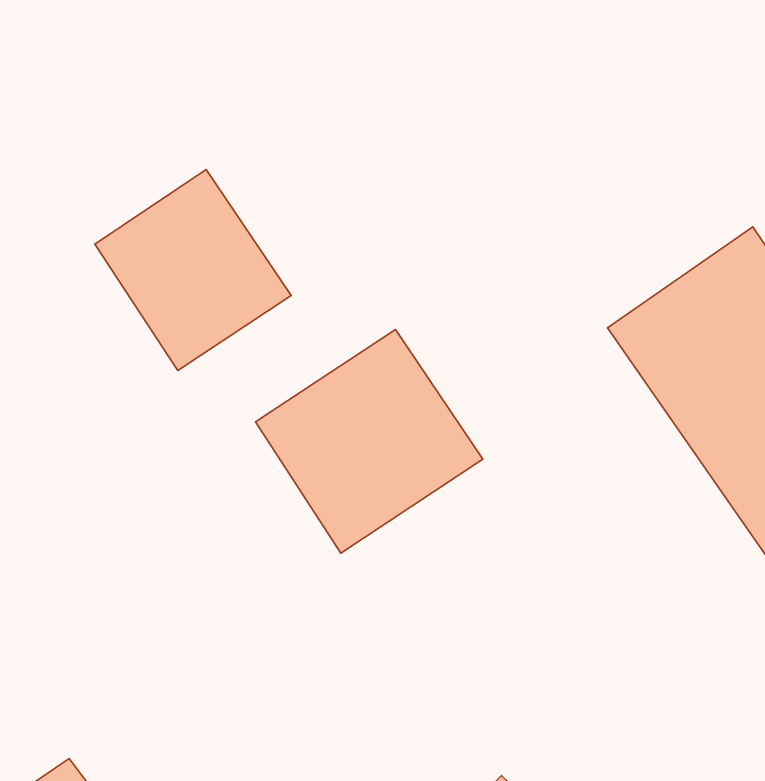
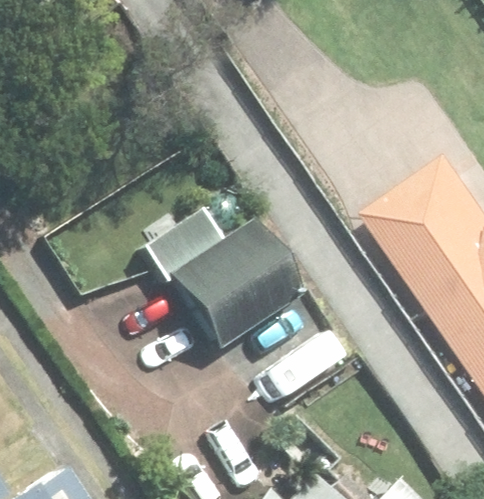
building: [95,170,291,370] -> none

